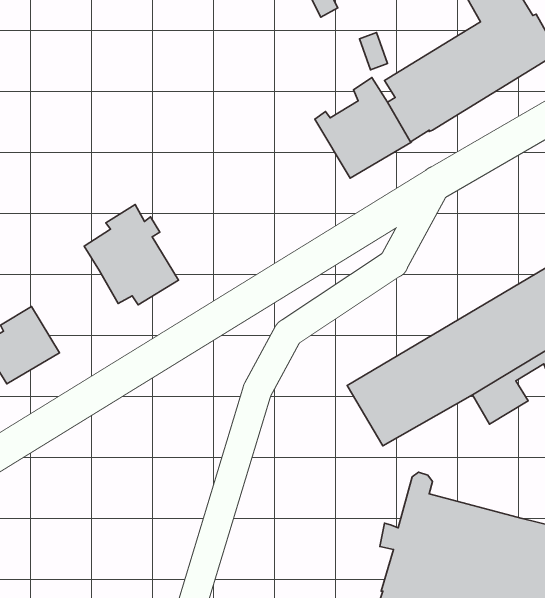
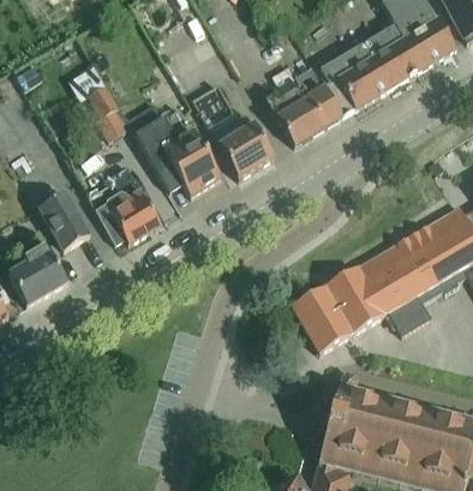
building: none -> [192,84,274,178]
building: none -> [89,85,128,140]
building: none -> [136,107,221,194]
building: none -> [38,192,90,250]

